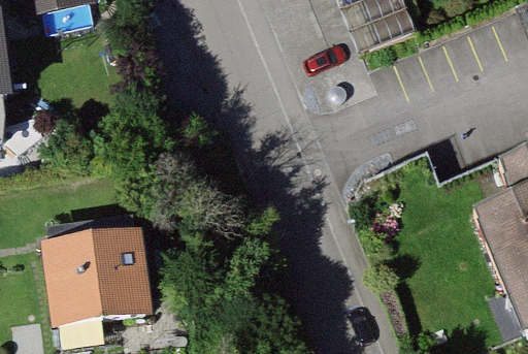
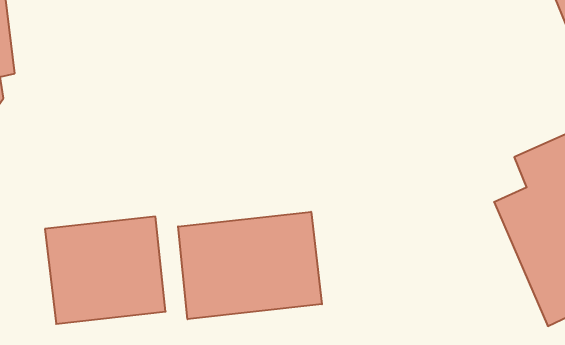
building: none -> [178,212,322,319]

